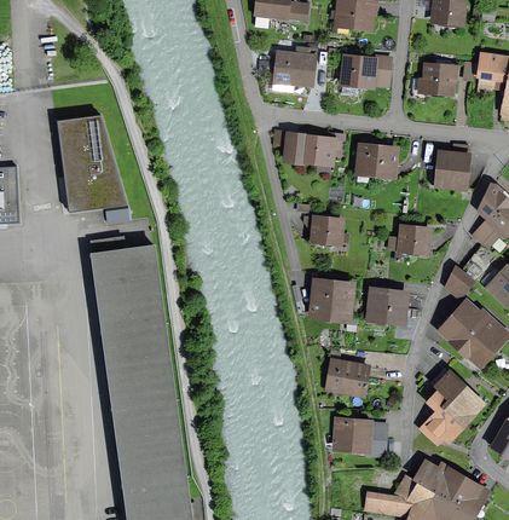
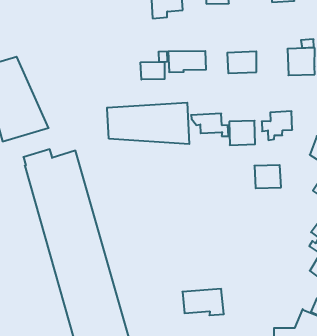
building: none -> [141,62,165,80]
building: none -> [107,103,189,144]
building: [314,284,349,317] -> [229,121,255,145]
building: [328,360,369,395] -> none
building: [336,421,386,456] -> [182,289,224,315]

